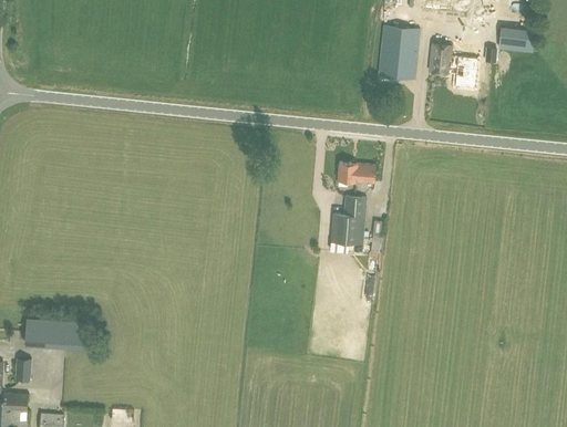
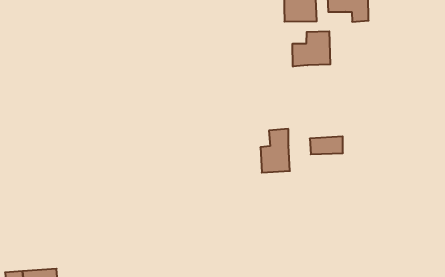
building: none -> [293,31,330,67]
building: [337,163,375,184] -> [310,136,343,154]

